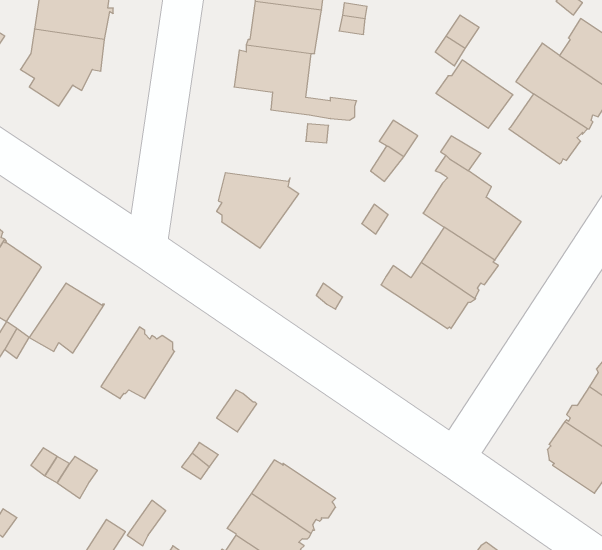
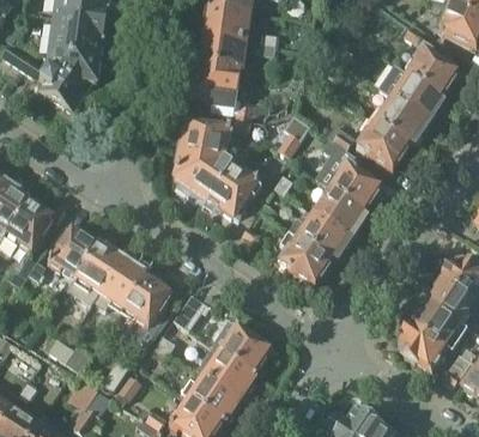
building: [436,60,513,128] -> [356,121,408,168]
building: none -> [176,122,230,157]
building: none -> [204,165,257,218]
building: none -> [277,227,332,284]
building: none -> [68,241,121,303]
building: none -> [125,273,171,344]
building: none -> [212,318,271,374]

